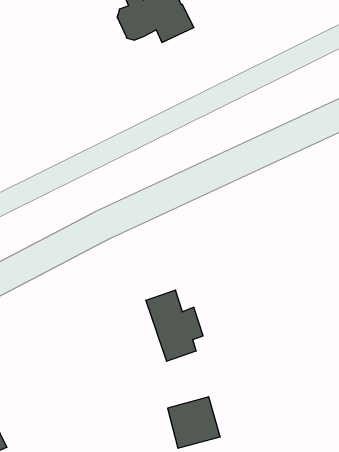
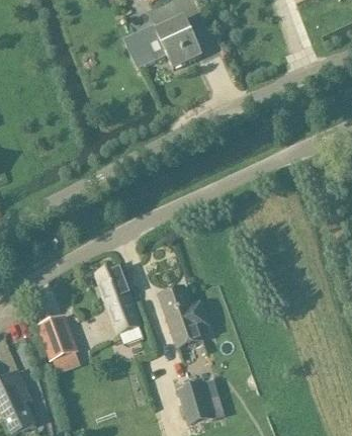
building: none -> [95,264,140,333]
building: none -> [36,318,76,358]

